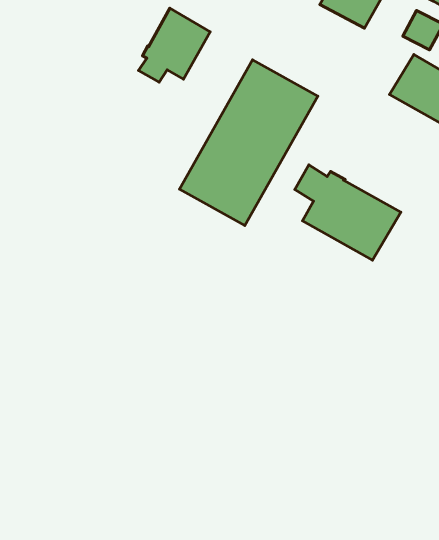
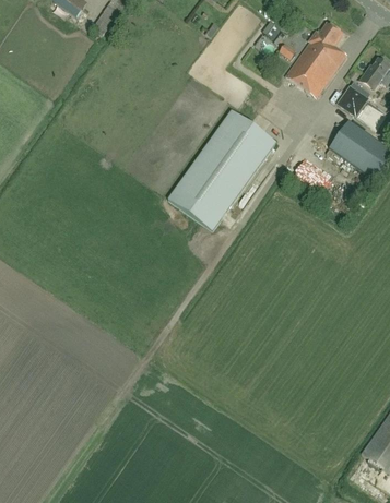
building: [139,8,210,82] -> none
building: [295,165,401,260] -> none

